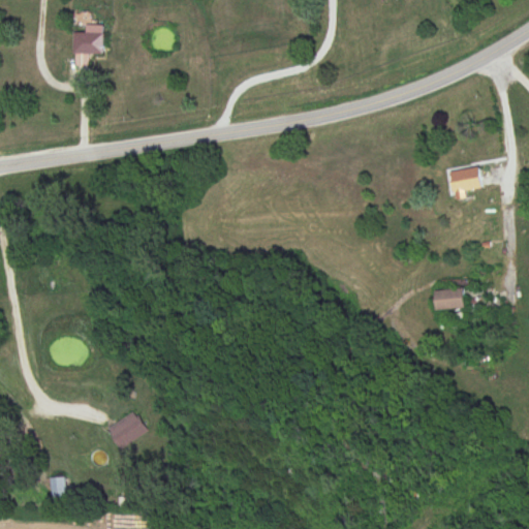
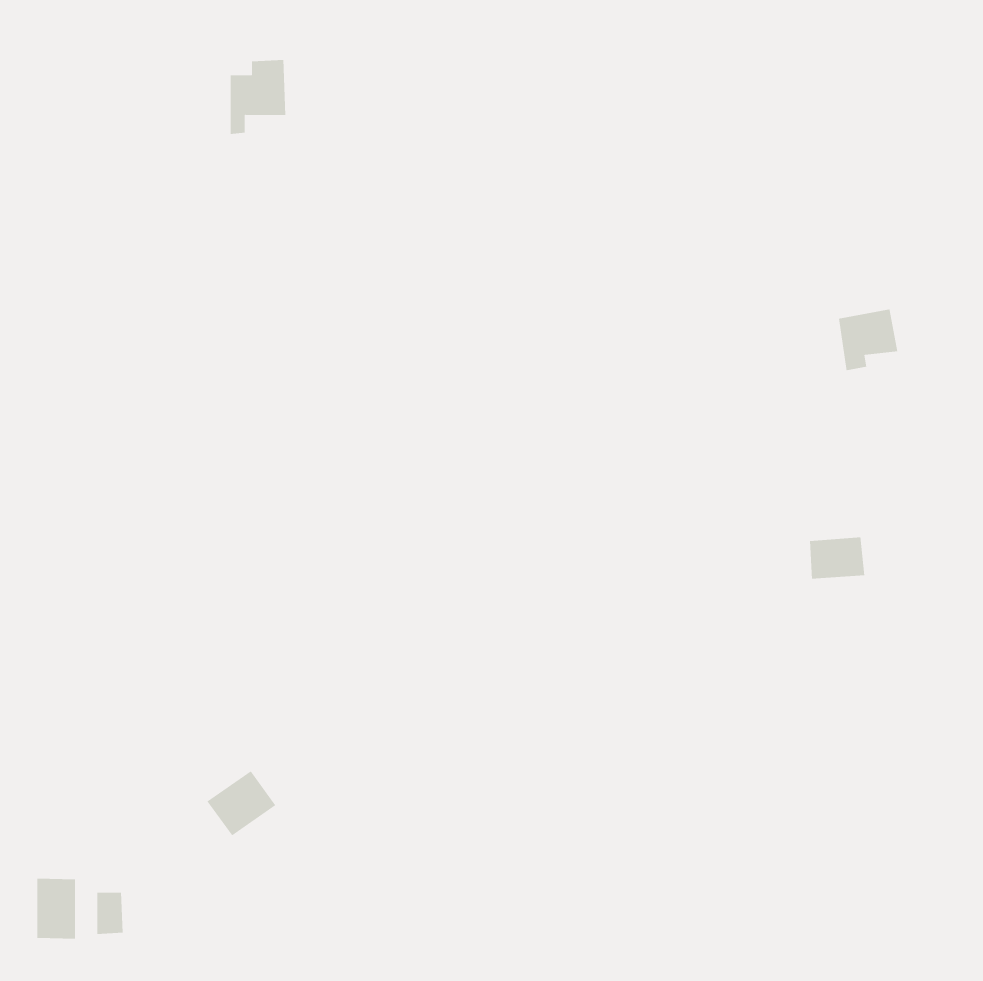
building: [72,24,102,64] -> [230,59,286,135]
building: none -> [37,878,75,939]

